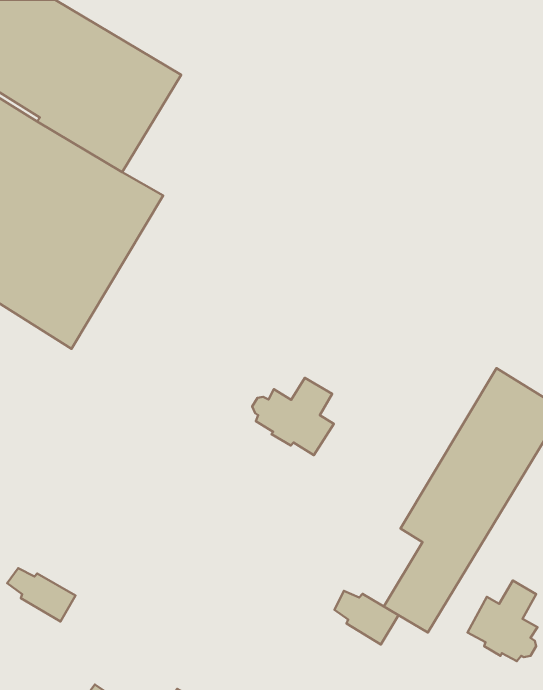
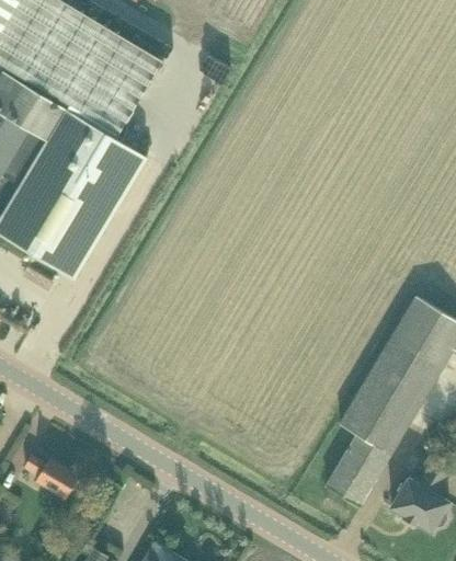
building: [252,378,334,455] -> none
building: [334,591,398,644] -> none

